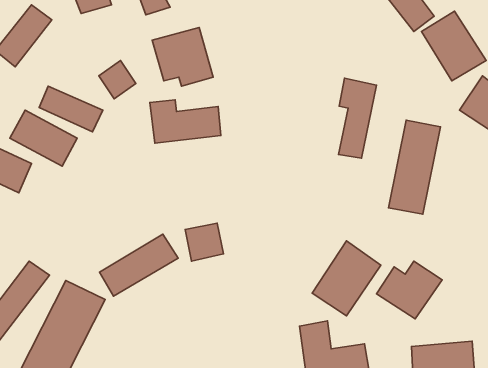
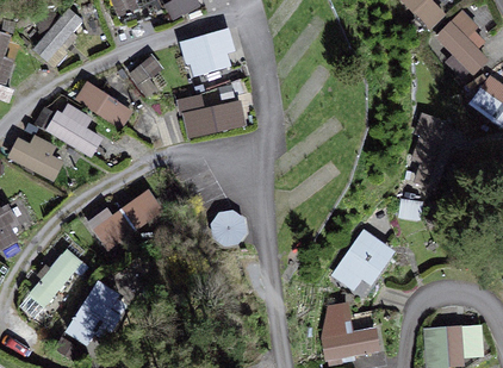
building: [338,78,376,158] -> none
building: [99,234,178,296] -> [89,187,163,245]
building: [376,261,442,319] -> none

